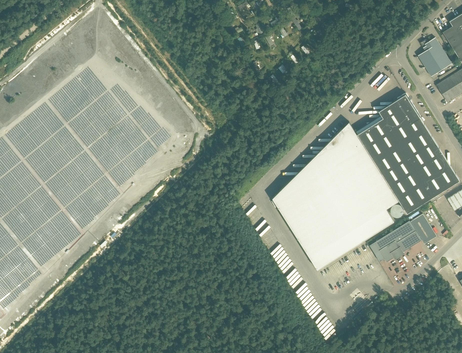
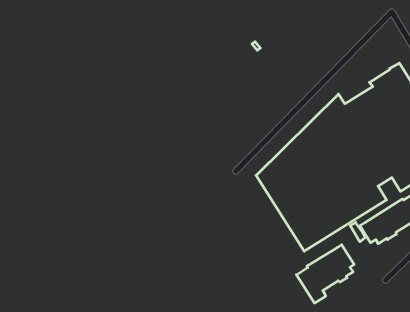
building: none -> [296,245,354,303]

